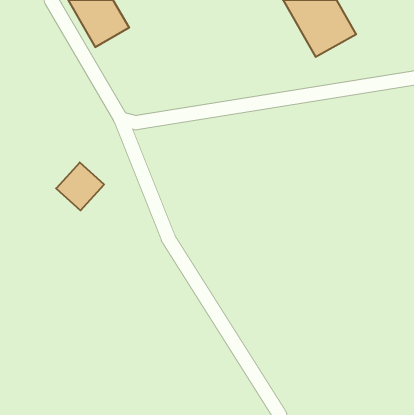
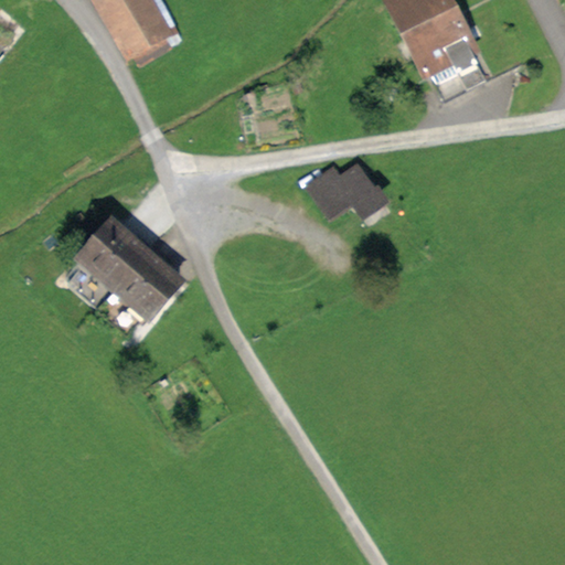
building: none -> [301,158,386,218]
building: none -> [109,250,174,316]

